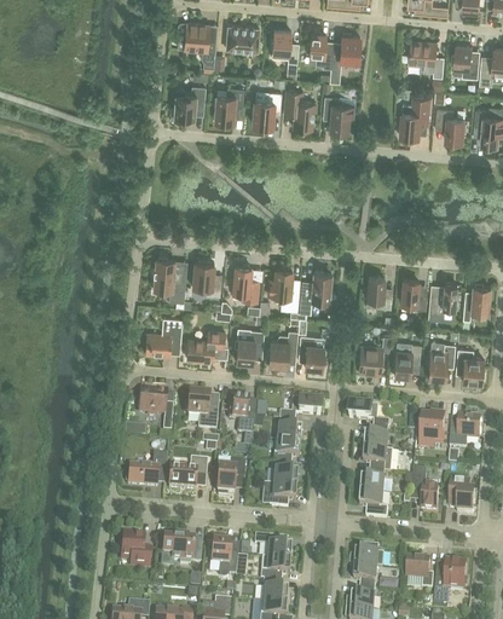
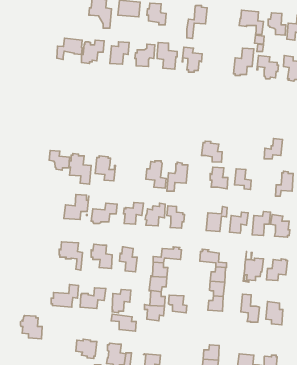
building: [305,31,331,68] -> none
building: none -> [57,38,82,59]
building: none -> [201,141,222,162]
building: none -> [49,150,70,170]
building: [229,262,258,301] -> none
building: [428,282,456,312] -> [264,139,283,159]
building: [359,491,387,517] -> [168,295,187,313]
building: [117,531,150,566] -> [21,315,42,339]
building: [253,533,290,559] -> [111,314,136,331]

